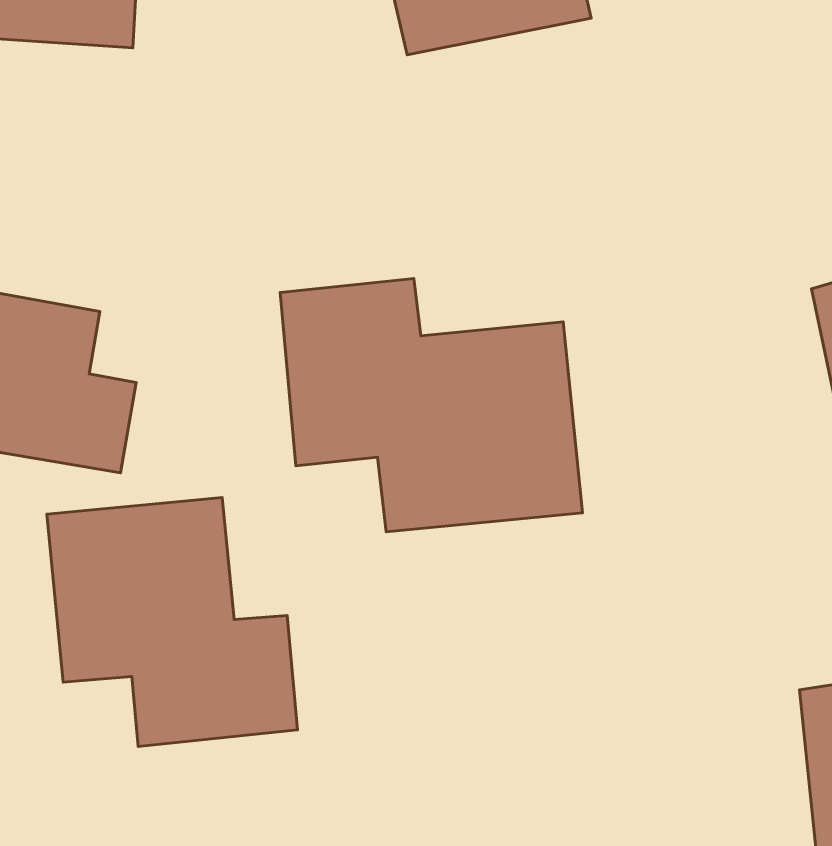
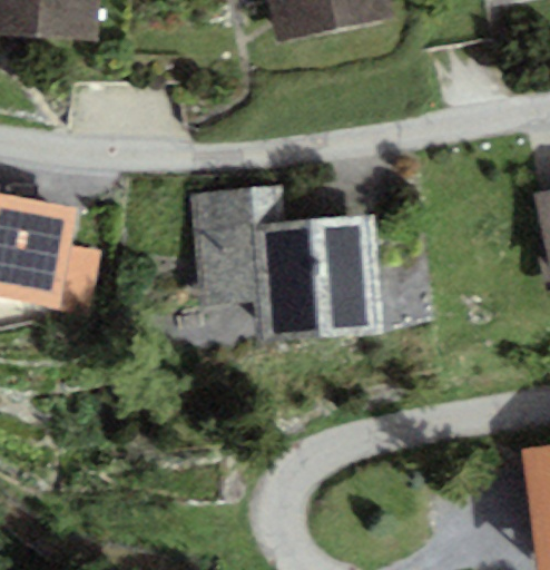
building: [47,498,297,747] -> none

